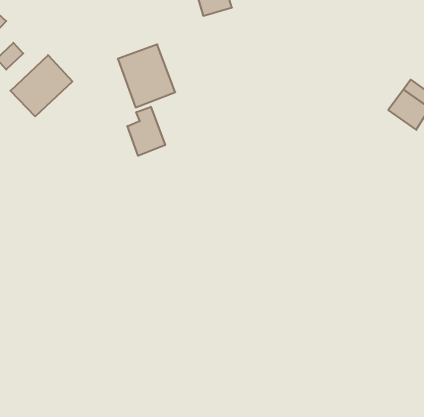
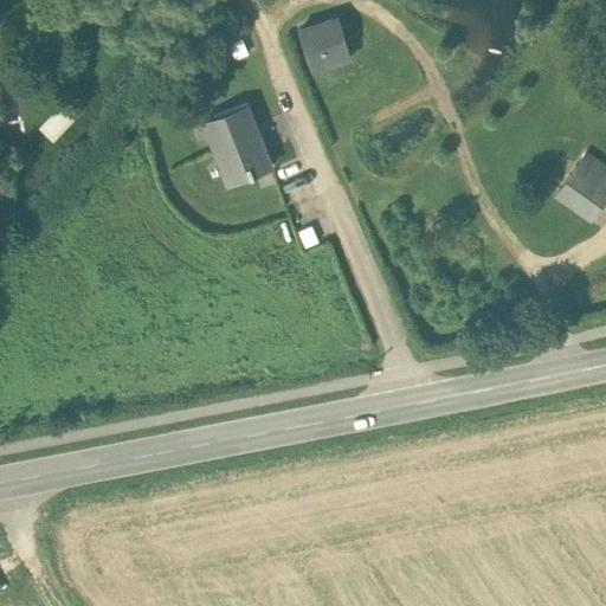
building: [10,55,72,116] -> none
building: [127,107,165,156] -> none

